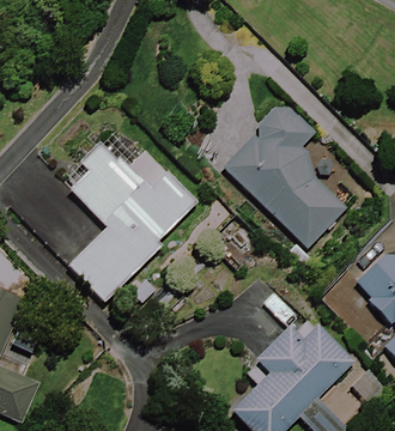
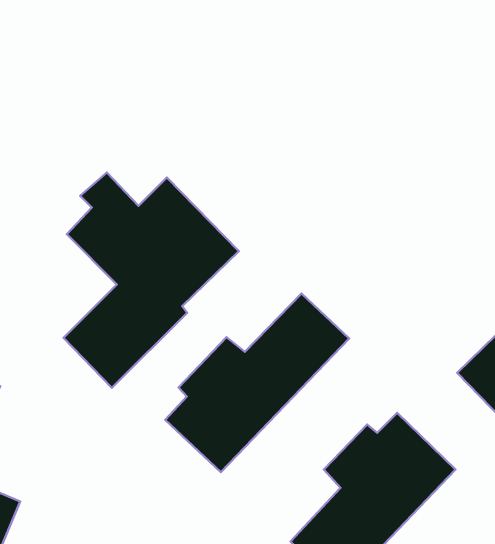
building: [223,101,348,250] -> none
building: none -> [165,293,349,472]

